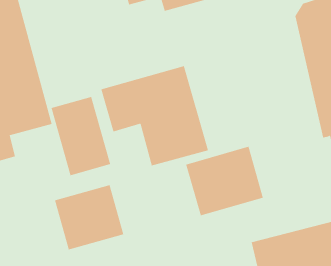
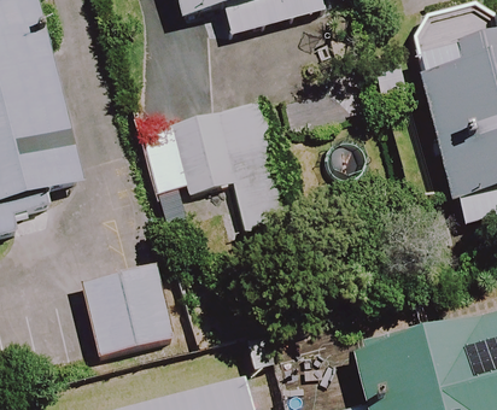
building: [51,96,111,176] -> none
building: [186,146,264,216] -> none

